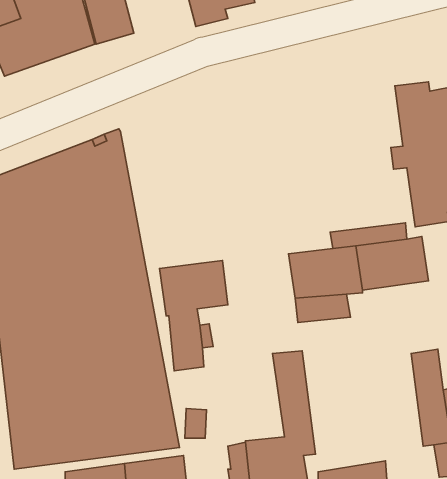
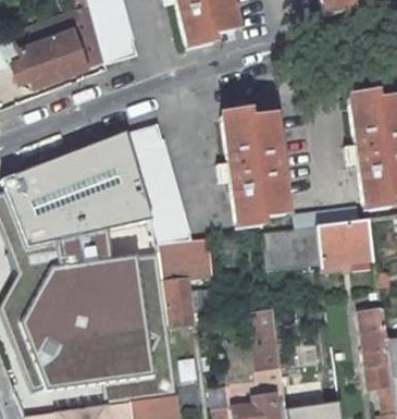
building: none -> [219,110,288,227]
building: none -> [127,125,193,244]

